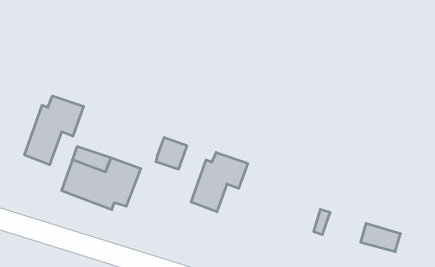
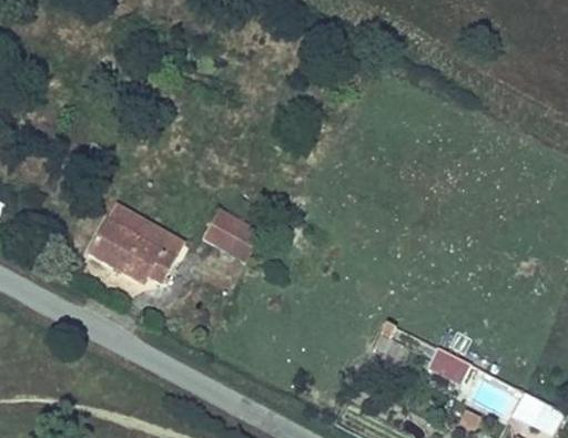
building: [25,96,84,165] -> none
building: [191,152,248,212] -> none

